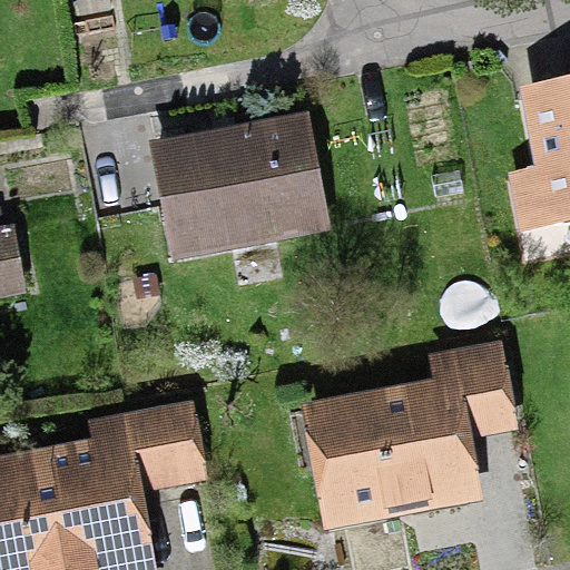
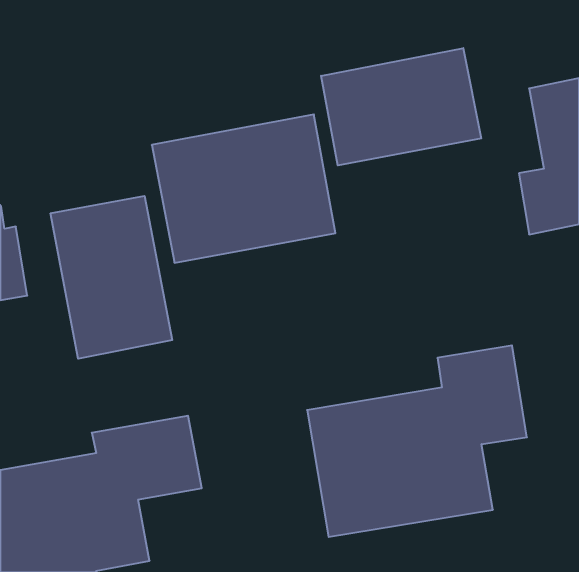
building: none -> [321,48,481,165]
building: none -> [51,196,172,359]

